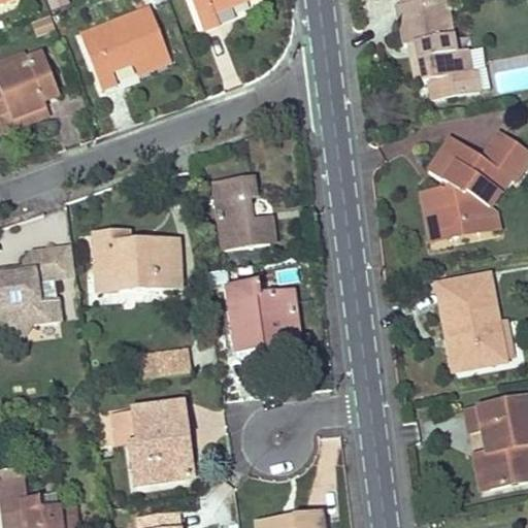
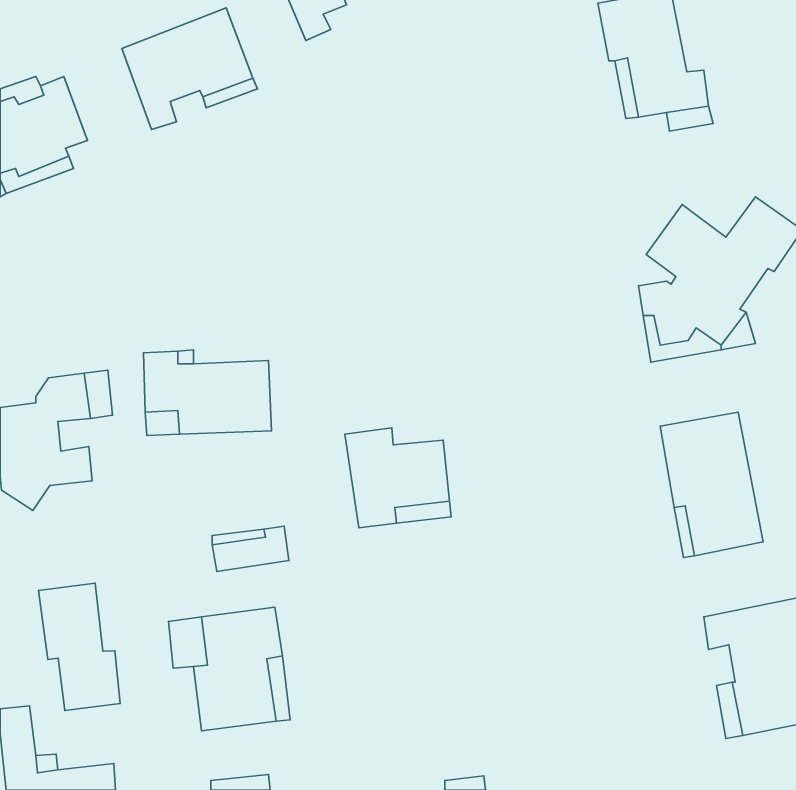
building: [217,177,274,245] -> none
building: none -> [39,583,120,710]

